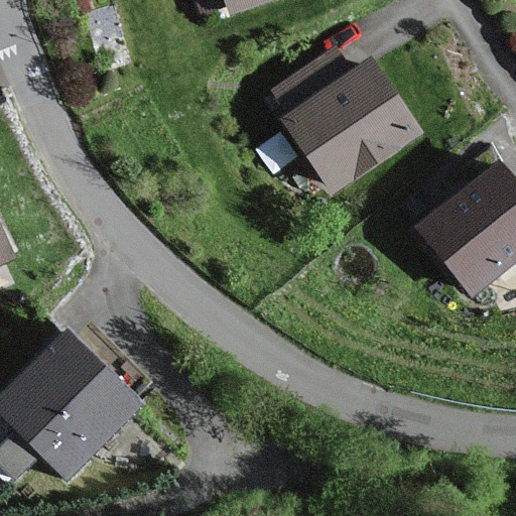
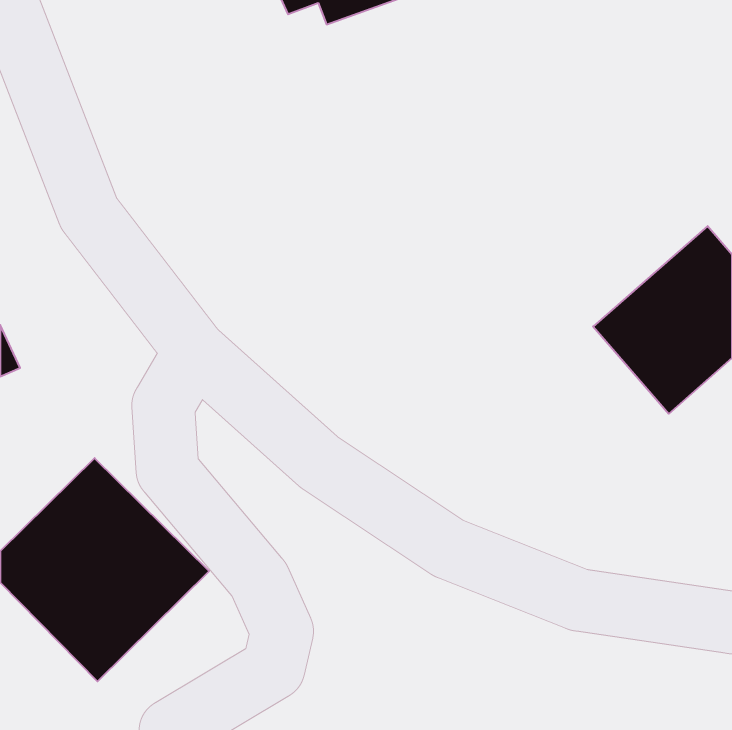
building: [280,59,421,194] -> none

